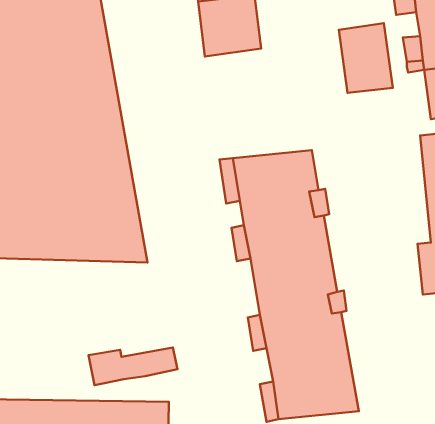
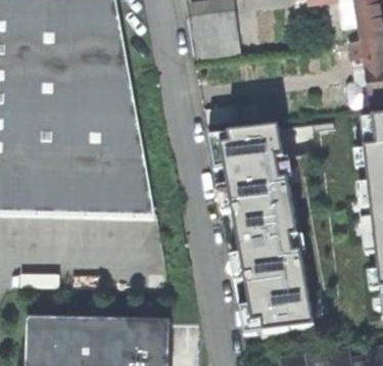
building: [339,23,393,93] -> none
building: [89,347,178,385] -> none

